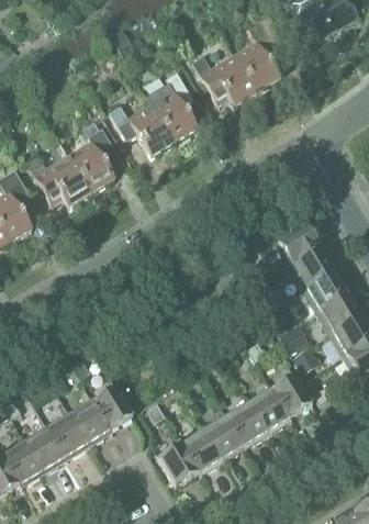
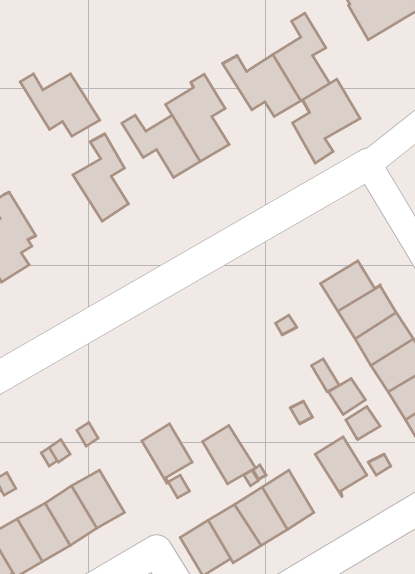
building: none -> [293,79,360,163]
building: [26,154,92,205] -> [20,74,100,136]
building: [90,384,132,434] -> [142,424,192,483]
building: [247,386,291,434] -> [202,426,255,484]

